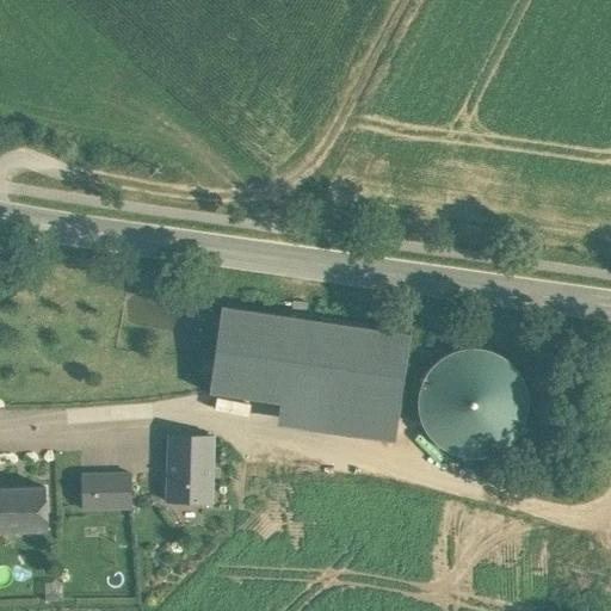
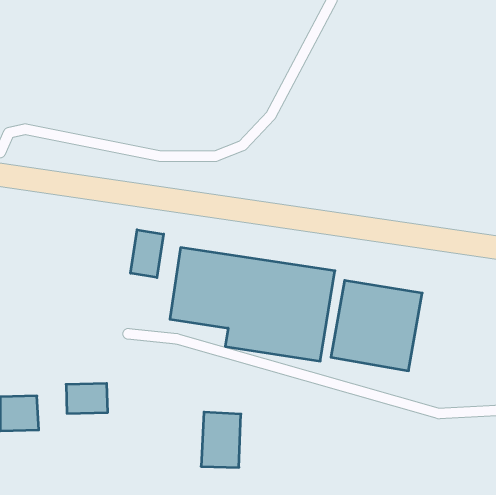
building: none -> [131,230,164,278]
building: [166,436,215,504] -> [201,412,241,467]

